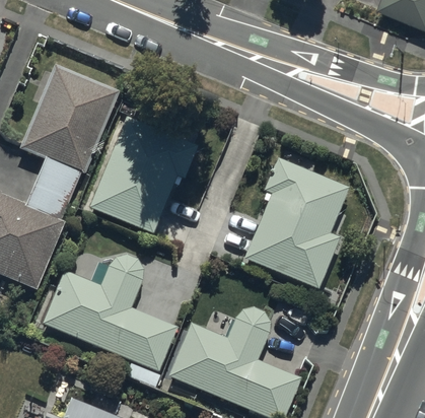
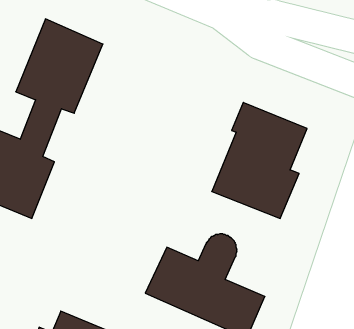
building: [87,115,197,234] -> none
building: [42,255,178,372] -> none

